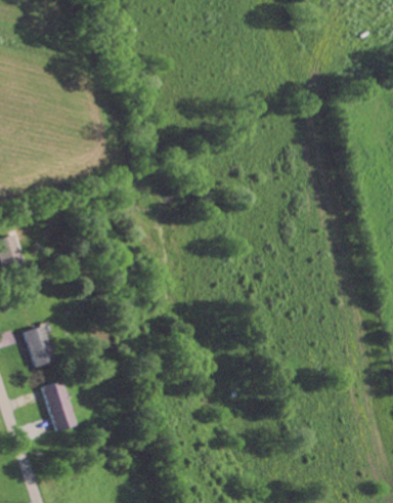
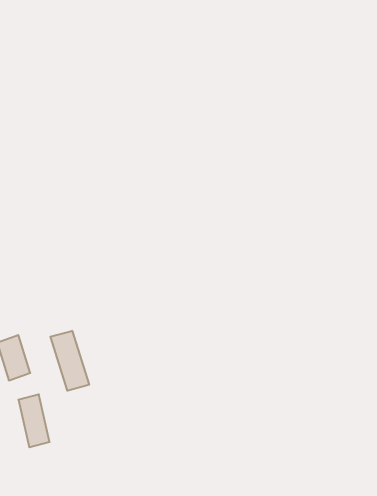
building: none -> [50,331,89,391]

